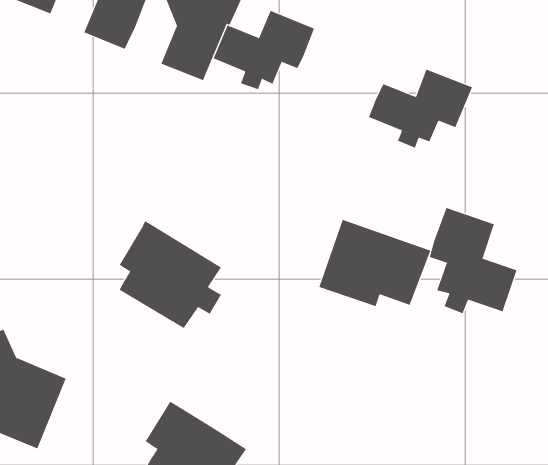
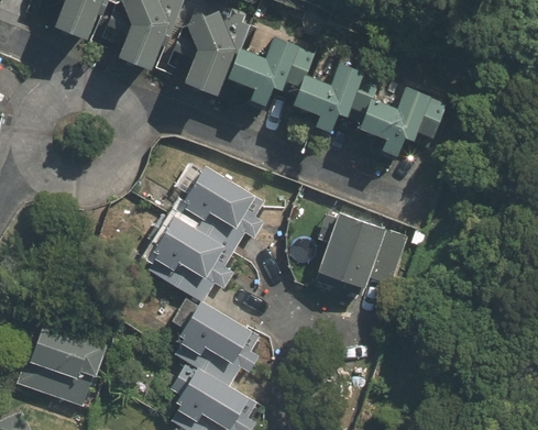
building: none -> [292,63,377,130]
building: none -> [177,163,265,253]
building: [429,207,517,314] -> none
building: none -> [173,299,260,388]

